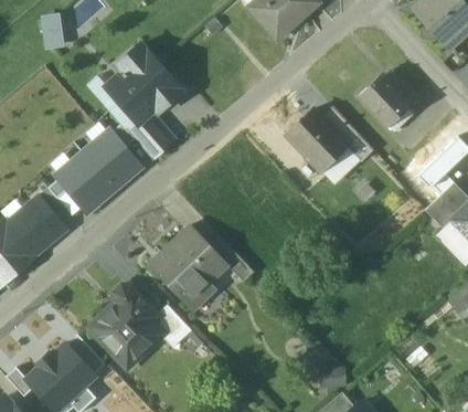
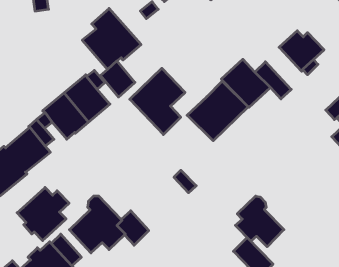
building: none -> [187,81,248,141]
building: [149,226,220,311] -> [130,68,185,135]
building: none -> [17,187,69,241]
building: none -> [235,196,284,247]

